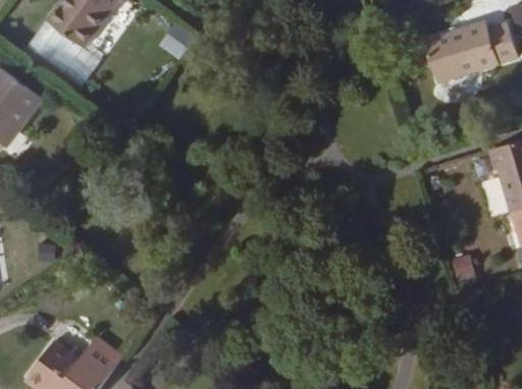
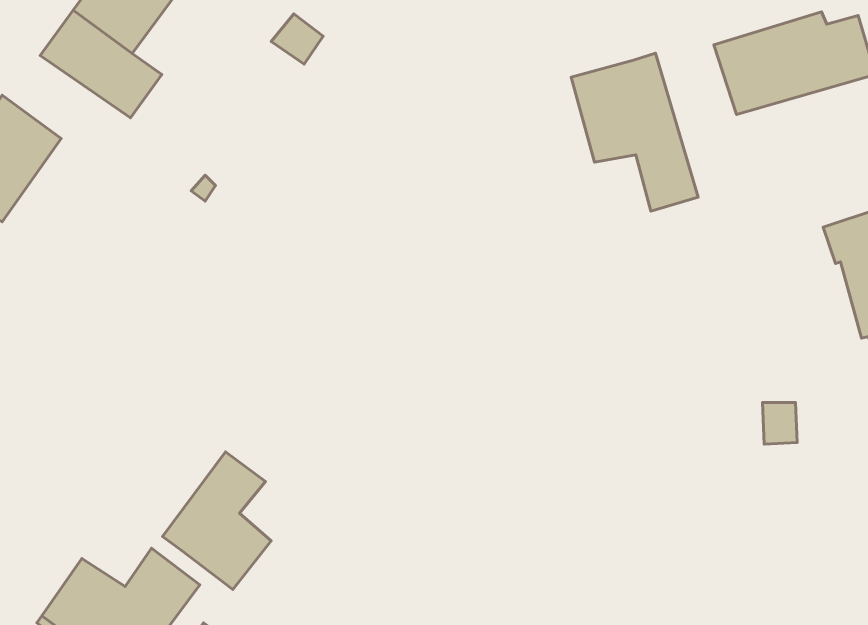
building: none -> [571,53,698,211]
building: none -> [162,452,271,589]

